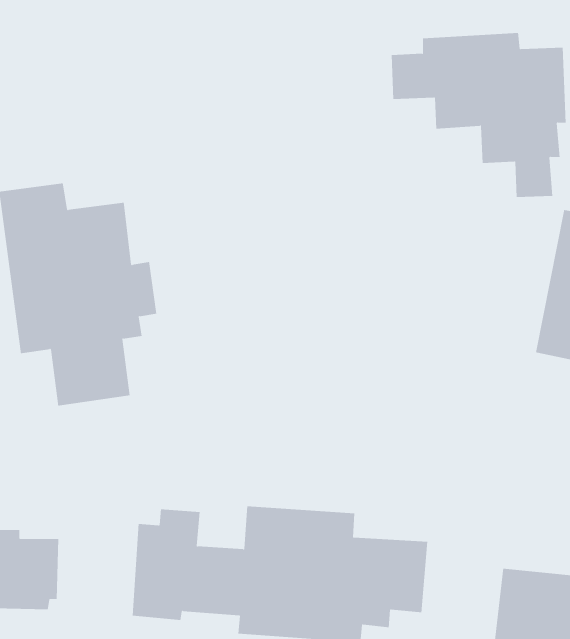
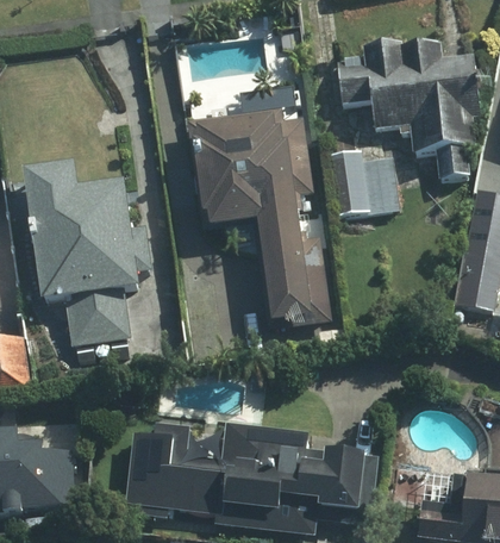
building: none -> [194,112,313,325]
building: none -> [329,151,400,214]

